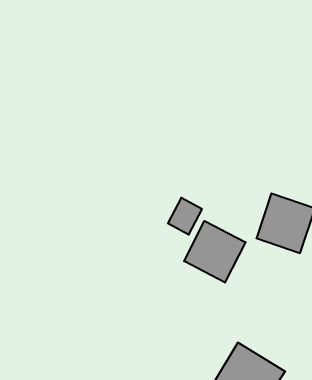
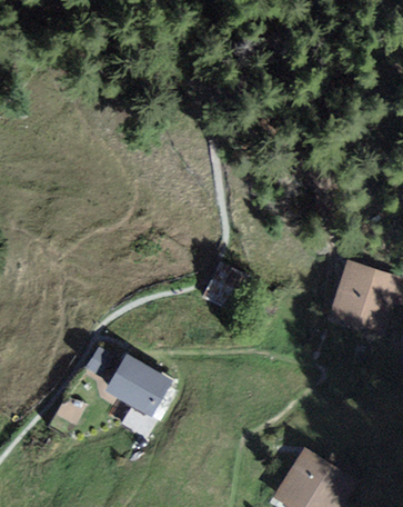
building: [184,221,246,283] -> none
building: none -> [98,355,169,417]

